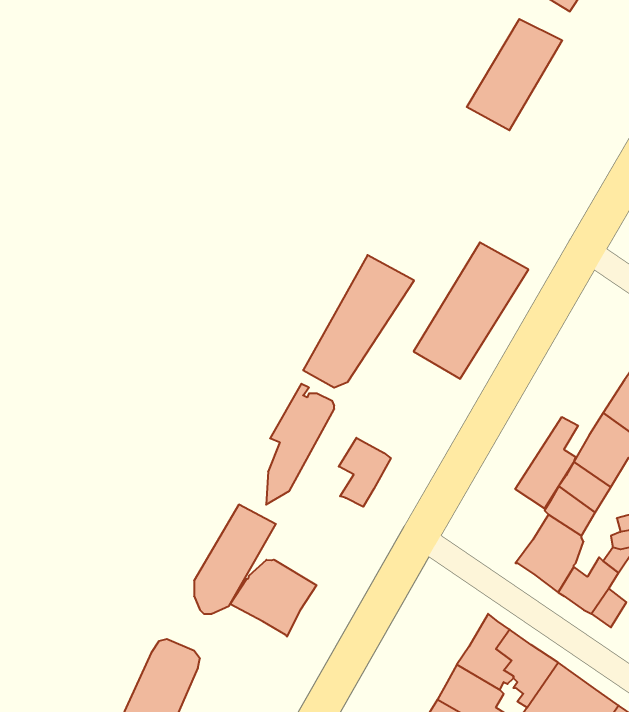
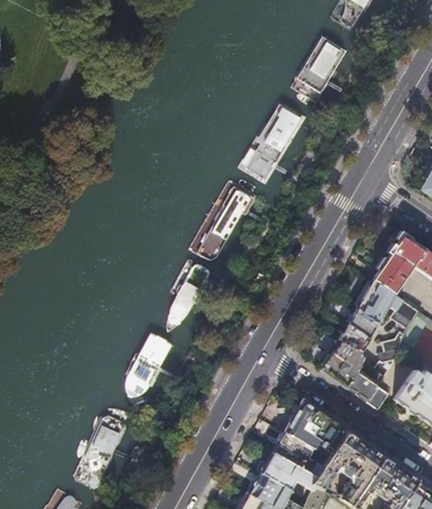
building: [414,242,528,379] -> [239,103,309,186]
building: [515,417,578,509] -> none
building: [339,438,391,507] -> none
building: [230,560,316,637] -> none

